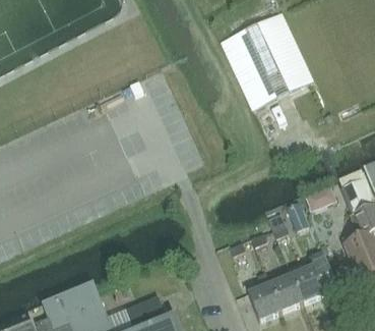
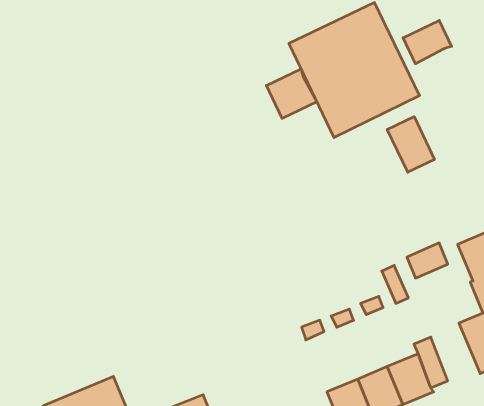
building: none -> [403,20,452,64]
building: none -> [266,69,317,118]
building: none -> [387,117,434,172]

